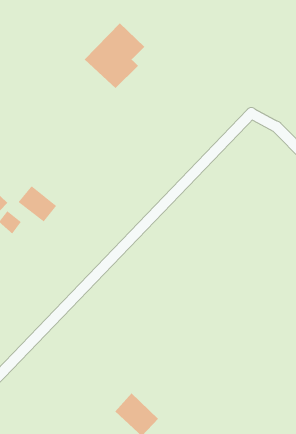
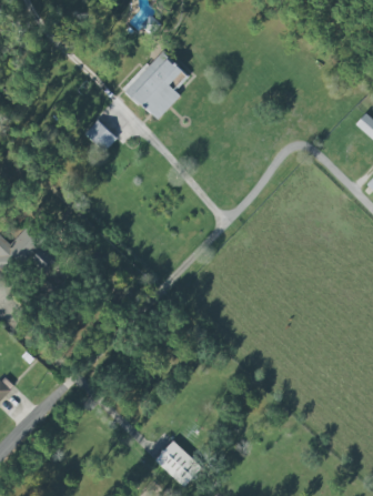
building: none -> [84,120,117,151]
building: [17,185,57,223] -> none

